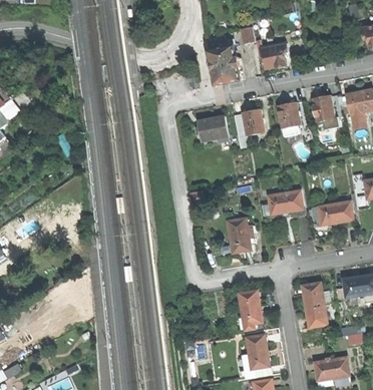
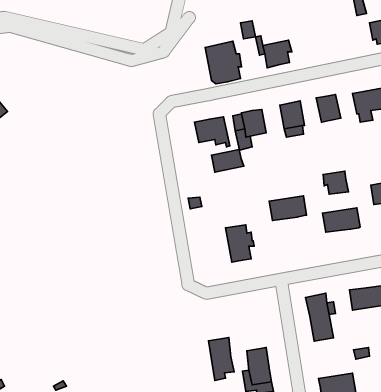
building: none -> [211,149,244,172]
building: none -> [323,171,349,194]
building: [238,290,262,330] -> [209,338,234,380]

